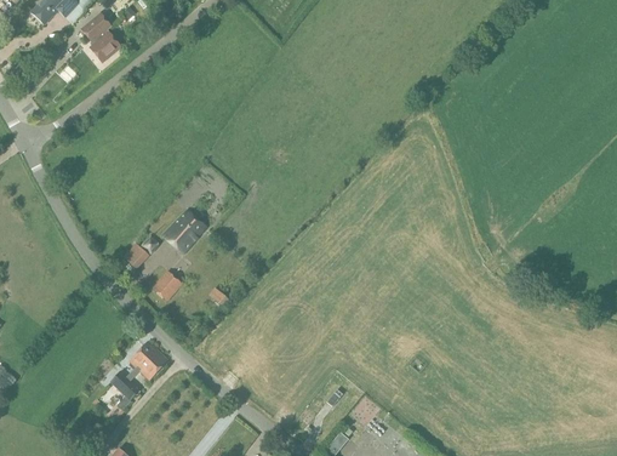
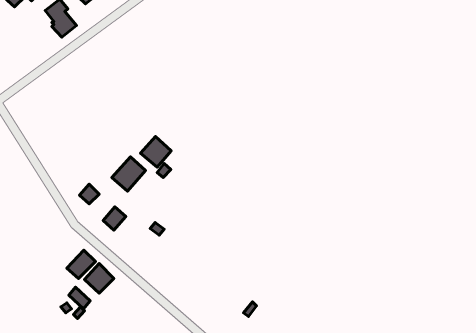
building: none -> [140,137,171,167]
building: none -> [67,250,95,278]

